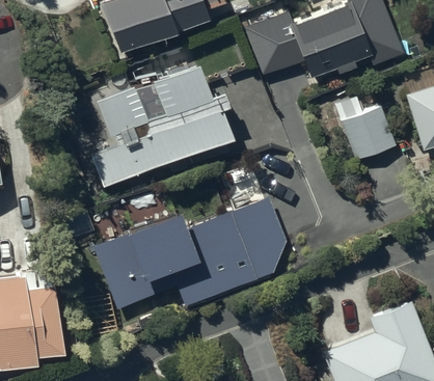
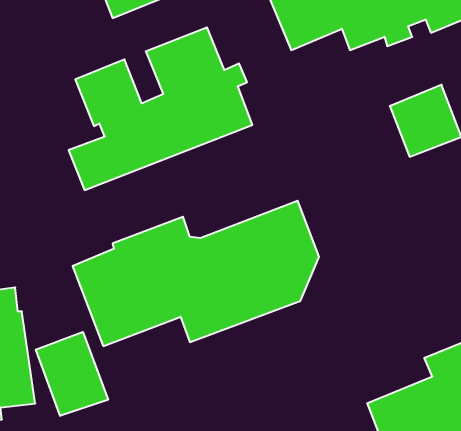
building: none -> [36,332,108,416]

